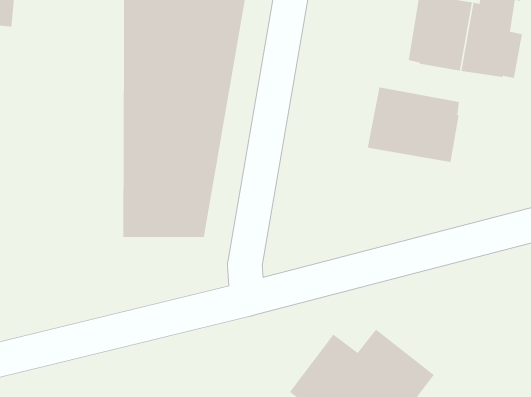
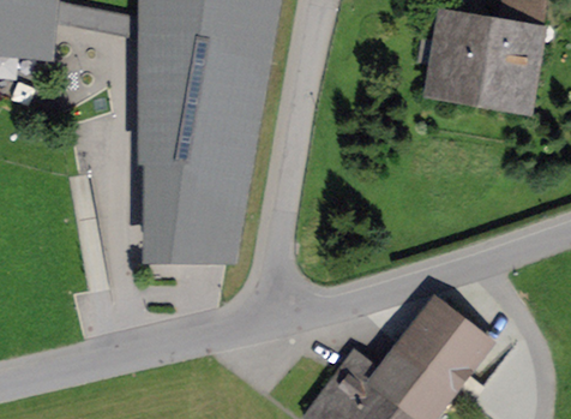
building: [367,86,460,163] -> none
building: none -> [397,301,491,393]

